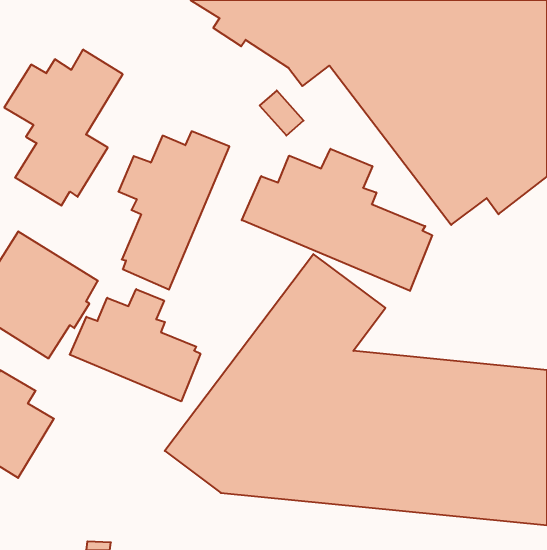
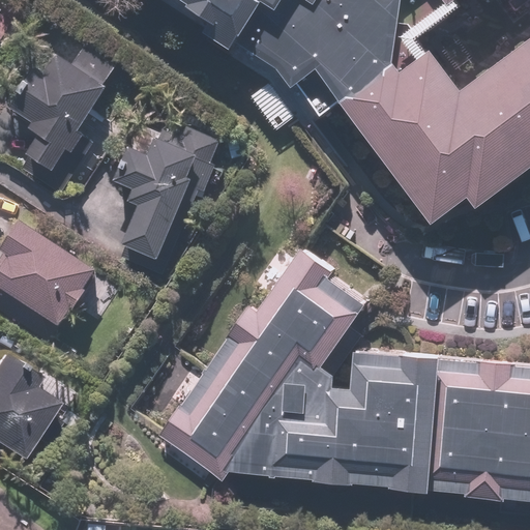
building: [242,149,432,291] -> none
building: [70,289,200,401] -> none

